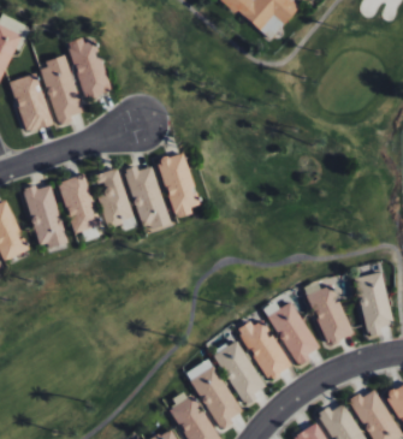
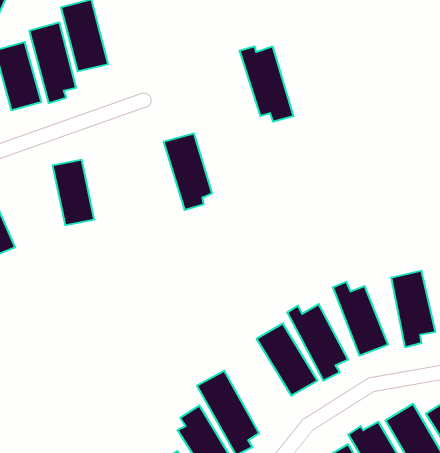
building: [124,166,171,231] -> [239,47,294,121]
building: [94,168,135,229] -> none
building: [24,185,66,249] -> none
building: [214,340,266,407] -> none

